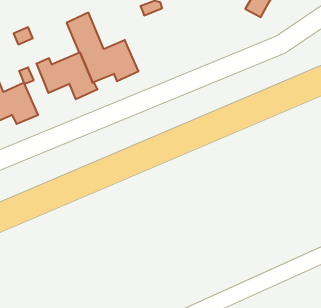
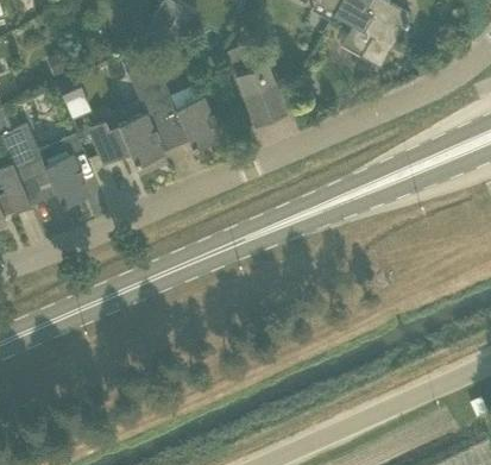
building: none -> [237,67,287,126]

